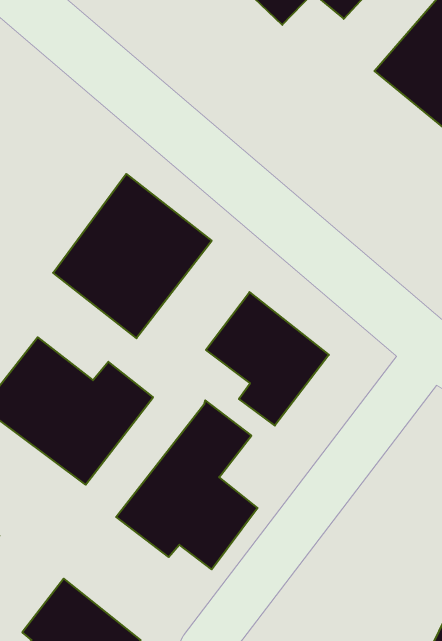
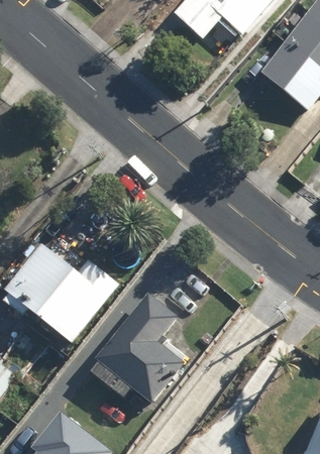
building: [53,174,212,338] -> none
building: [206,292,329,426] -> none

